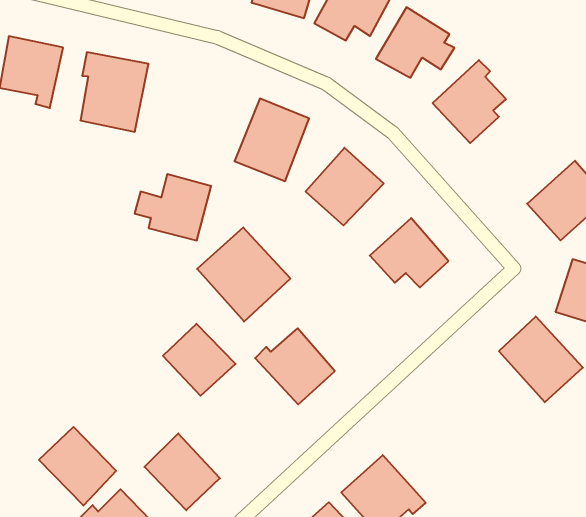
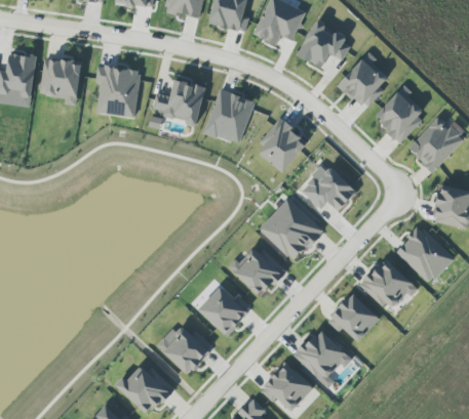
building: none -> [374,84,426,140]
building: [135,174,211,240] -> [153,79,204,123]
building: [197,227,290,322] -> [259,197,323,261]
building: [163,324,236,396] -> [198,285,248,334]
building: none -> [361,258,418,310]
building: none -> [326,292,380,341]
building: [39,427,116,506] -> none

